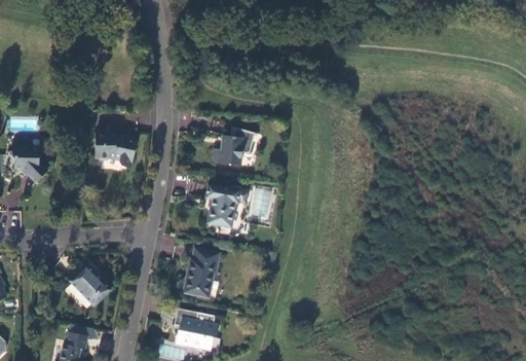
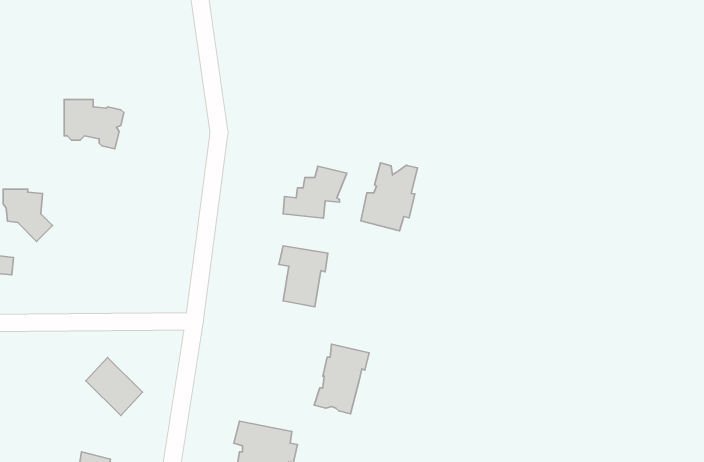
building: none -> [361,163,418,231]
building: [96,134,138,169] -> [64,100,124,149]
building: [182,249,221,298] -> [314,344,369,414]

